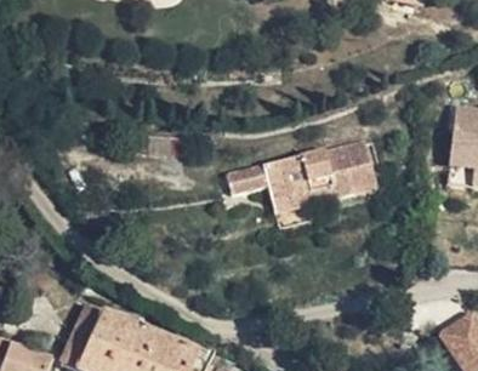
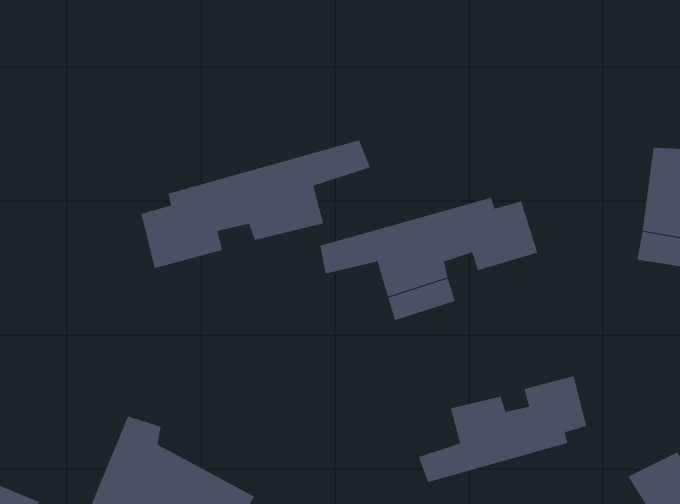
building: none -> [141,139,371,269]
building: none -> [418,375,587,483]

